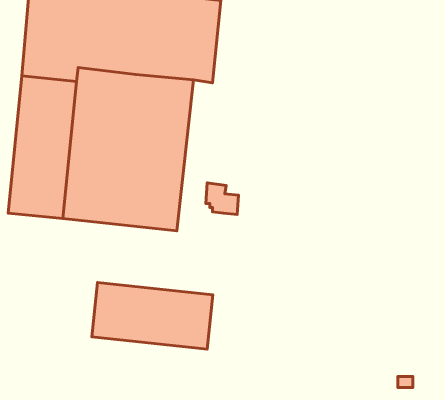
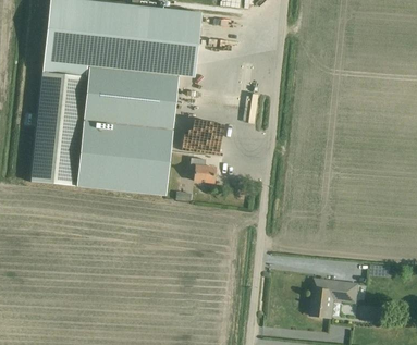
building: [92,282,213,349] -> none
building: none -> [310,279,357,317]

